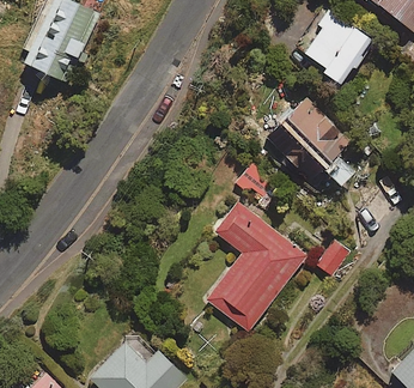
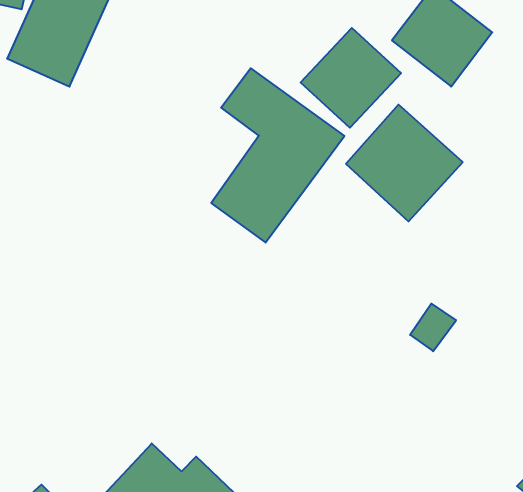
building: none -> [301,28,401,128]
building: [208,204,305,331] -> [211,68,344,243]

